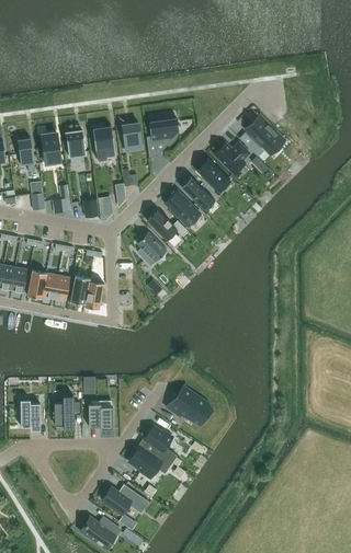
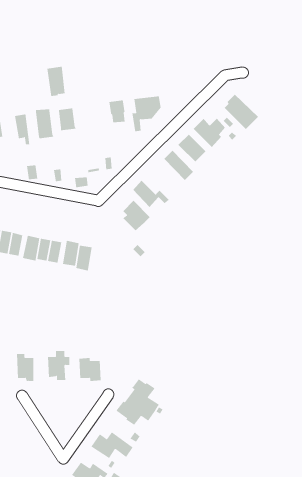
building: [93,127,114,160] -> [46,66,65,96]
building: [162,192,201,231] -> none
building: [166,387,214,426] -> none

